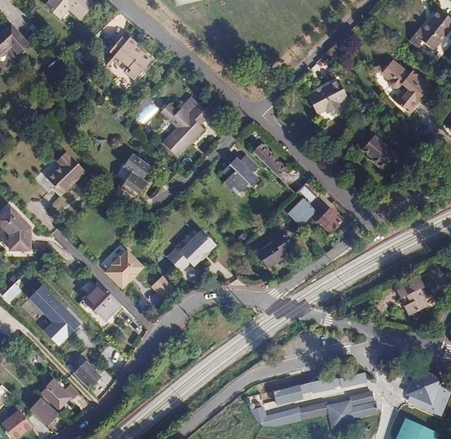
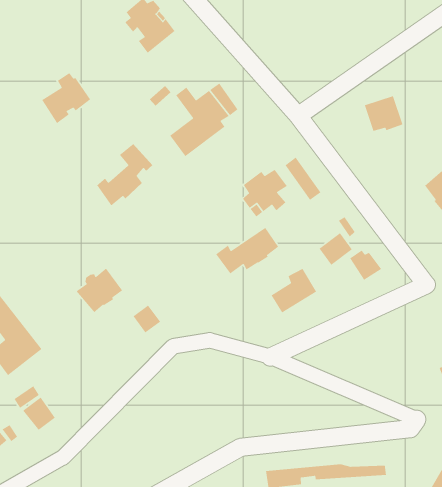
building: [45,153,84,195] -> [41,72,91,124]
building: [166,232,215,273] -> [215,227,279,274]
building: [82,282,123,323] -> none

